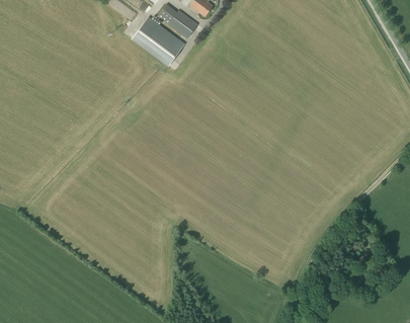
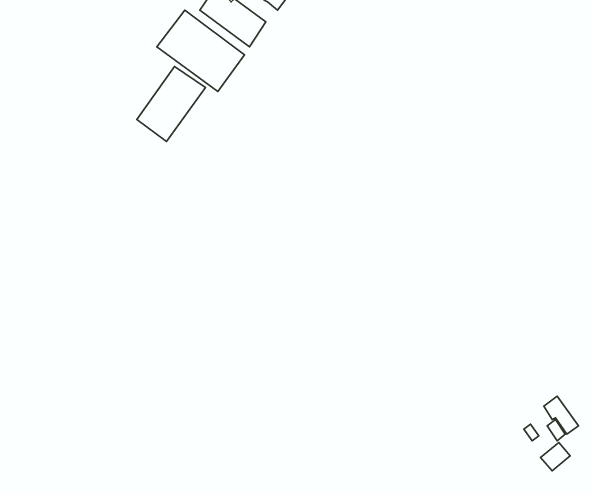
building: none -> [137,66,206,141]

